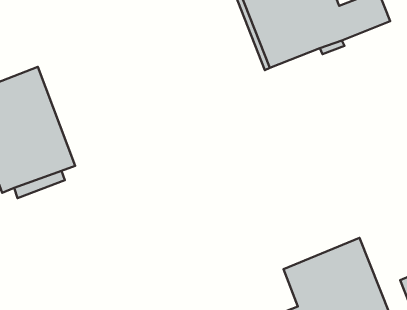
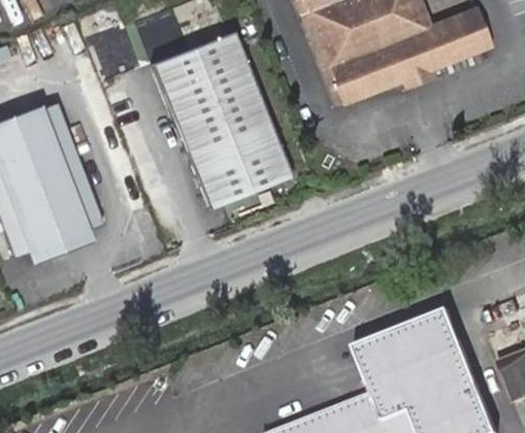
building: none -> [153,32,291,208]

